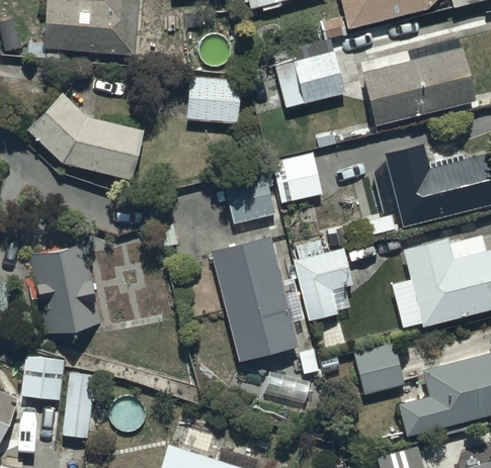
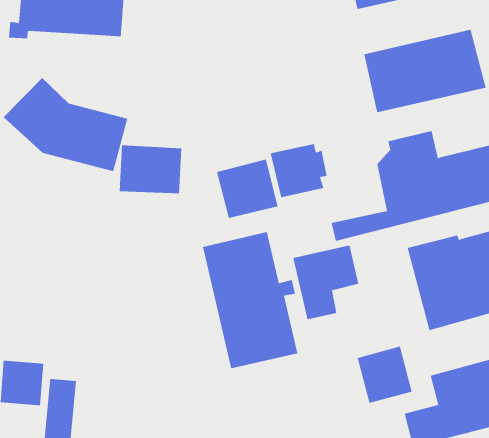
building: [272,45,347,107] -> none
building: [186,77,245,122] -> [119,145,182,194]
building: [32,243,108,336] -> none

